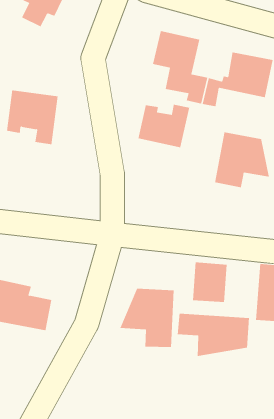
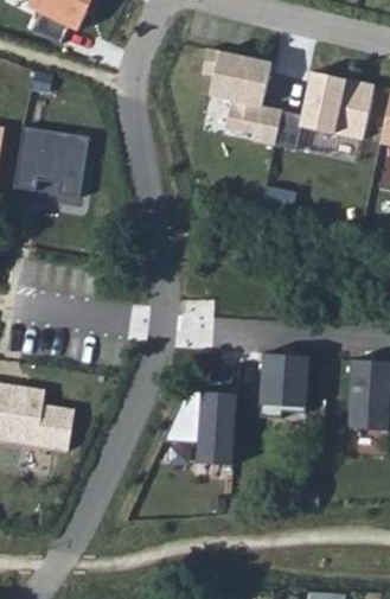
building: [138,104,190,148] -> none
building: [214,131,269,188] -> none
building: [177,313,249,357] -> none

